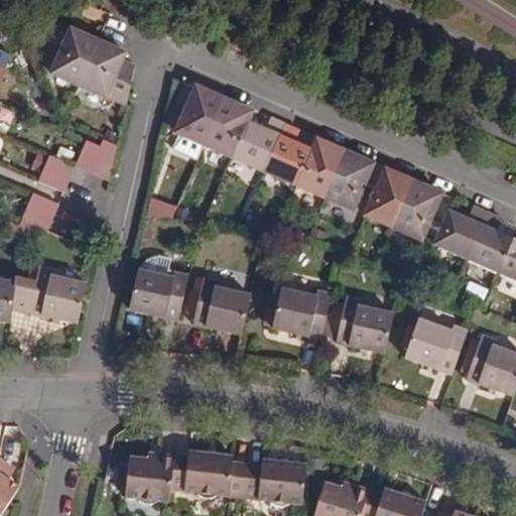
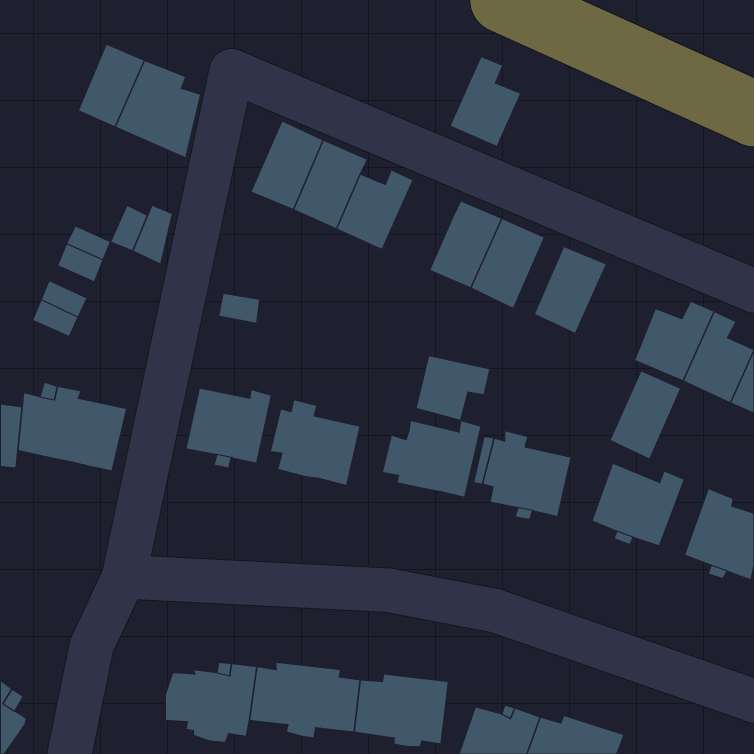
building: [261,123,309,184] -> [450,57,521,147]
building: [393,180,441,241] -> [610,371,681,459]
building: none -> [416,356,490,421]

